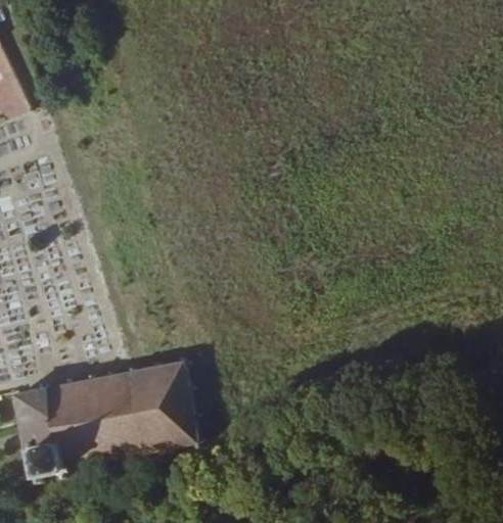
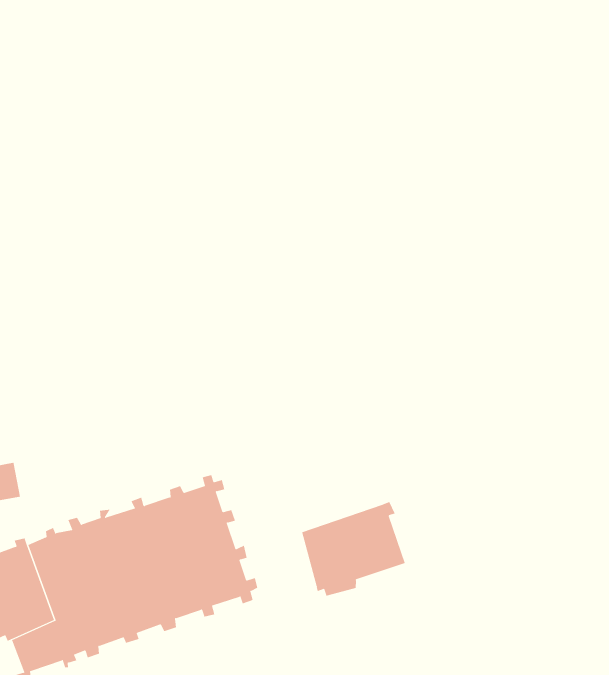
building: none -> [301,501,405,596]

